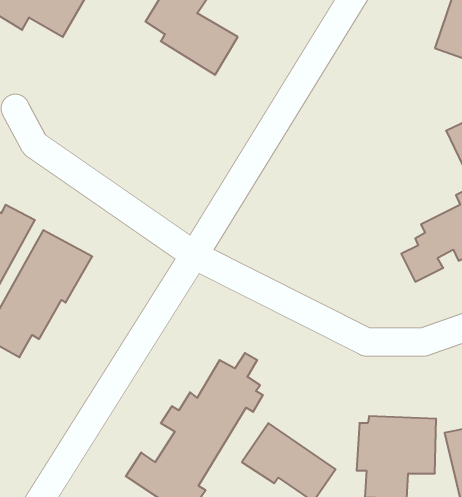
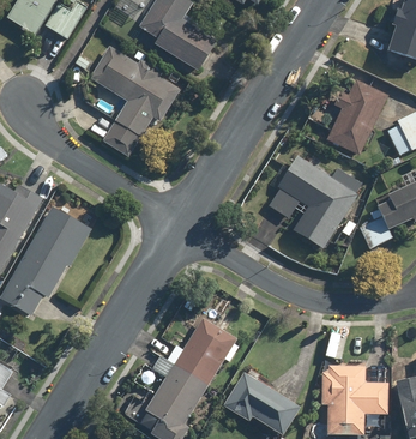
building: none -> [90,46,180,157]
building: none -> [328,80,387,155]
building: none -> [267,156,363,249]

